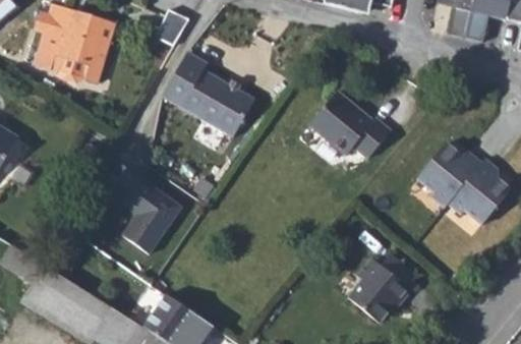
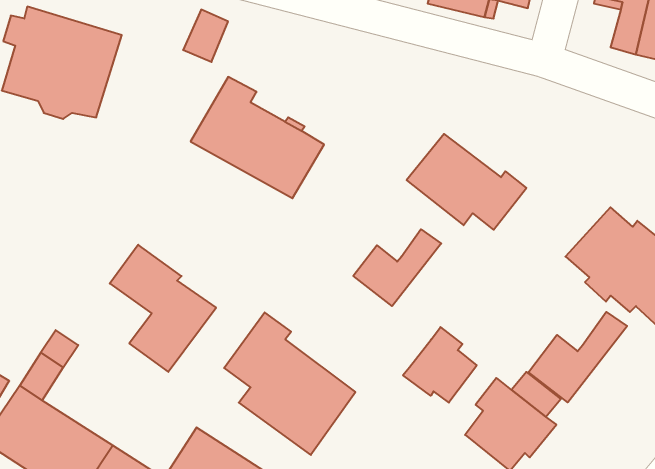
building: none -> [353,229,441,306]
building: none -> [528,312,627,402]
building: none -> [224,312,355,455]
building: none -> [403,327,477,403]

